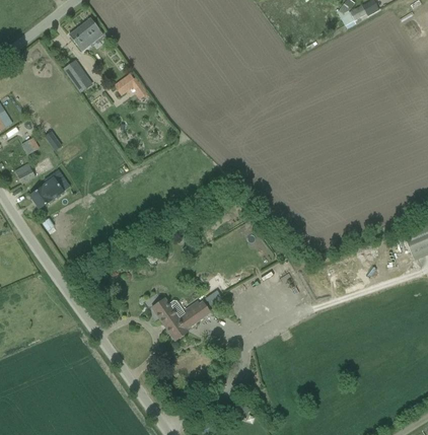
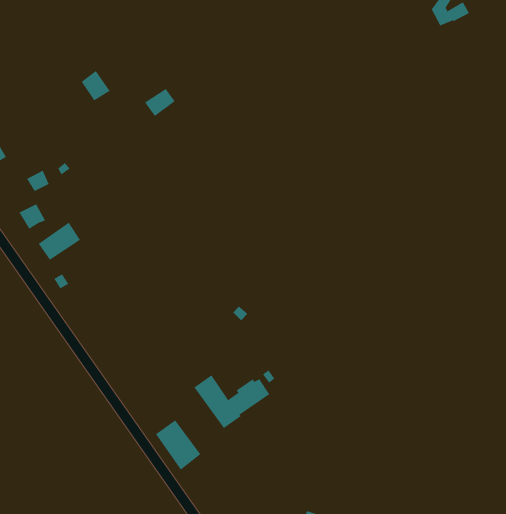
building: [71,16,102,50] -> none
building: none -> [155,419,201,470]

